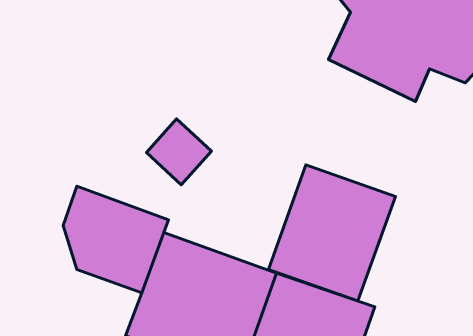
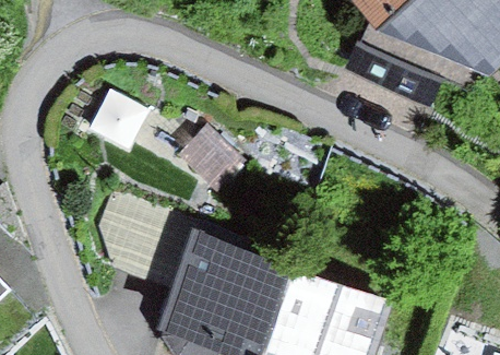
building: [268,165,396,301] -> none

